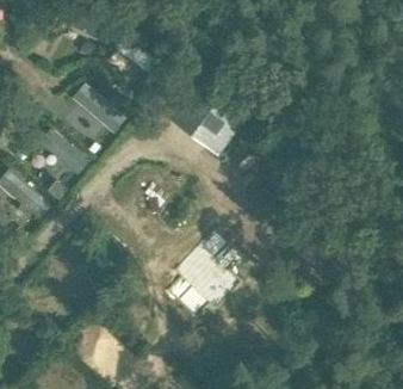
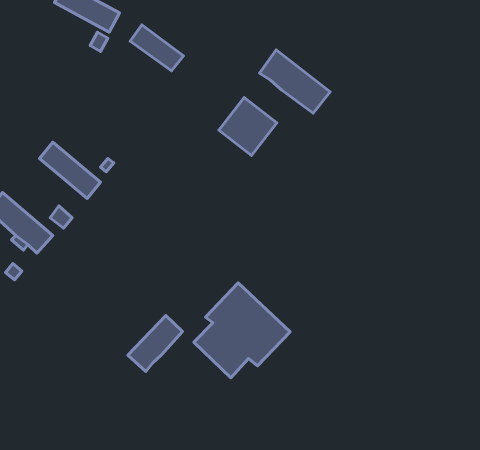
building: none -> [260,50,330,113]
building: [72,82,124,131] -> none
building: none -> [128,315,183,371]

